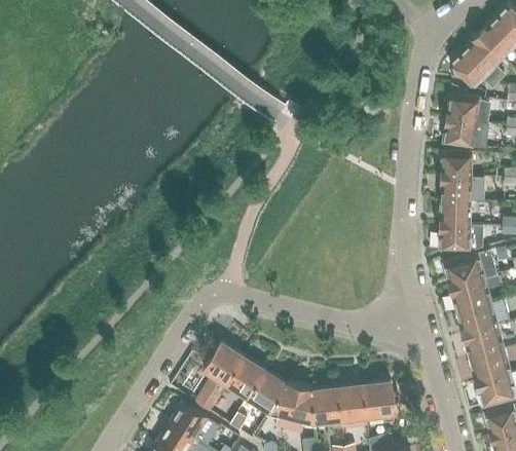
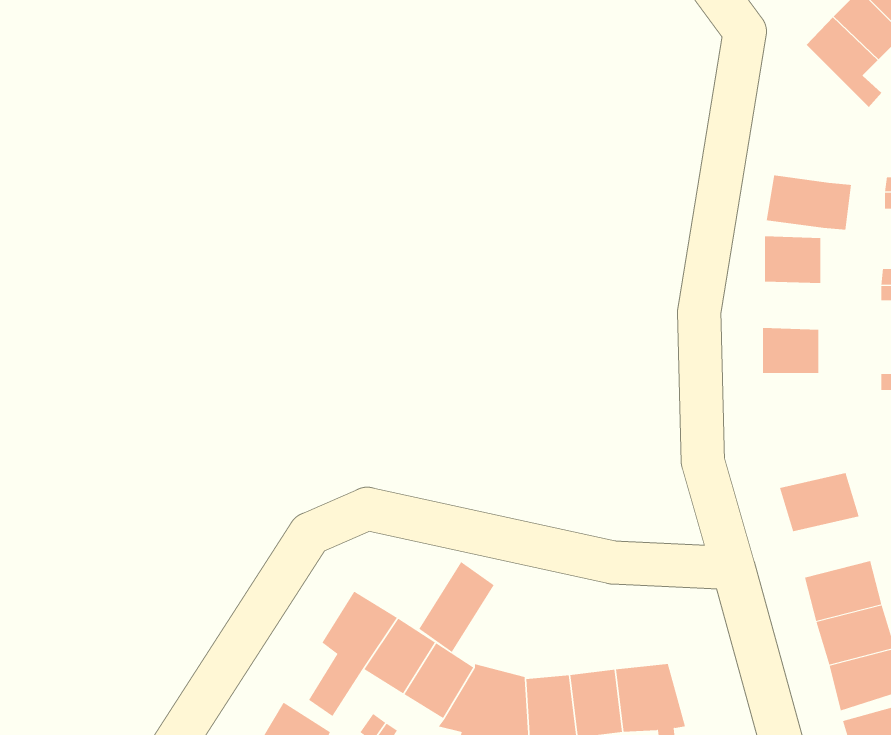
building: [449,49,499,89] -> none
building: [447,95,491,124] -> none
building: [441,177,473,202] -> none
building: [440,226,472,251] -> none
building: [444,251,497,288] -> none
building: [457,303,500,336] -> none
building: none -> [419,561,495,653]

